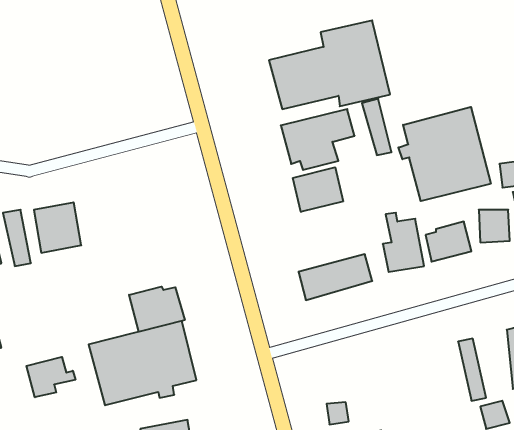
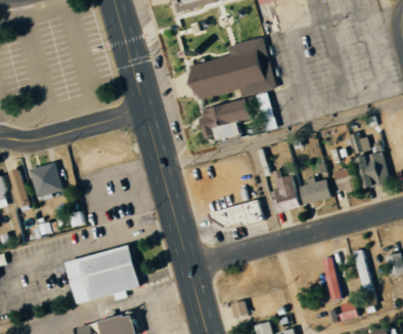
building: [398,107,491,201] -> none
building: [293,167,343,212] -> none
building: [129,287,185,332] -> none
building: [26,357,75,397] -> none

